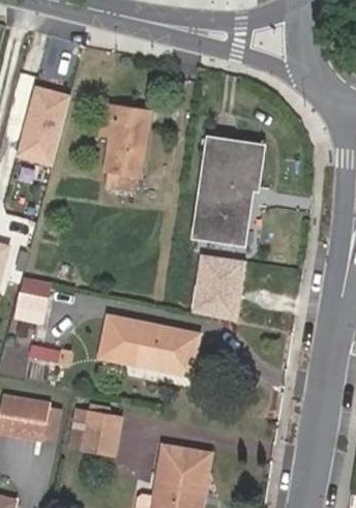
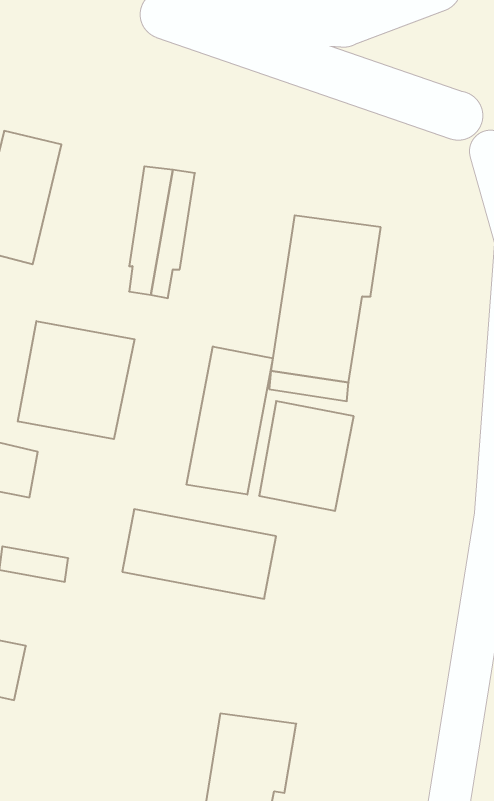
building: none -> [18,321,135,439]
building: none -> [187,346,273,495]
building: [78,412,118,455] -> none

